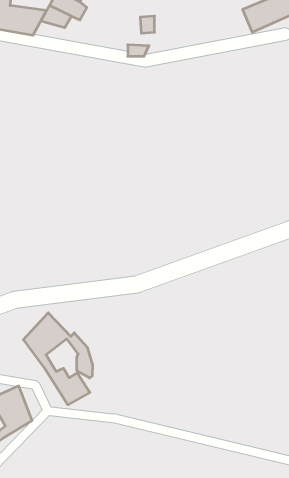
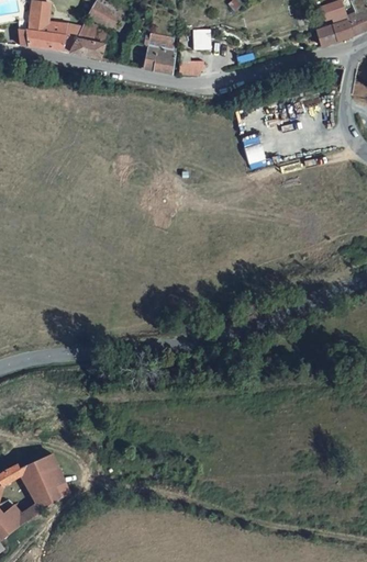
building: none -> [69,35,105,59]
building: none -> [143,43,174,75]
building: [23,313,93,405] -> none

